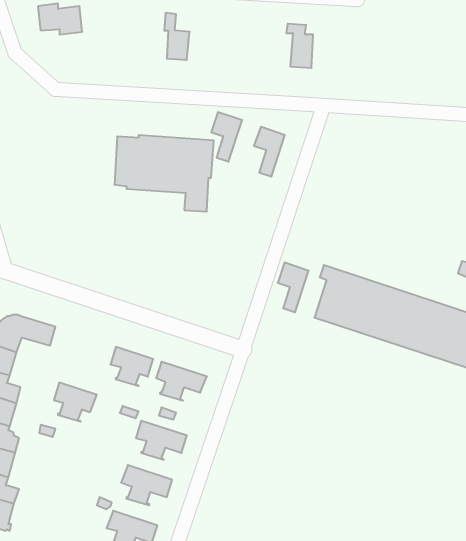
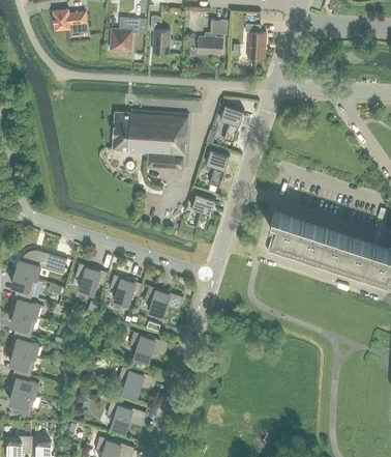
building: none -> [111,18,140,51]
building: none -> [198,21,228,54]
building: [211,112,242,162] -> [206,148,230,187]
building: [278,263,309,312] -> [191,193,215,231]
building: [54,383,97,422] -> [76,263,109,293]

